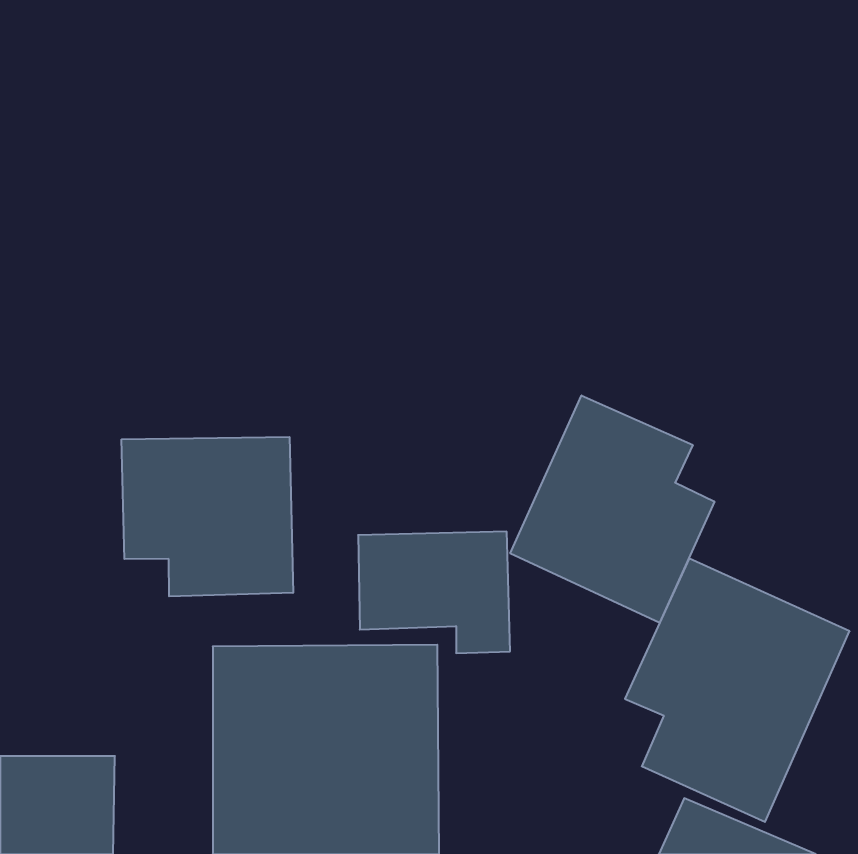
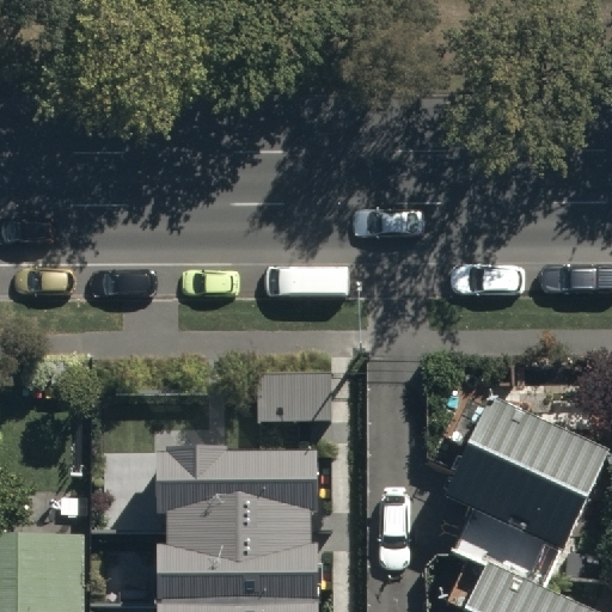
building: [510,395,714,623] -> none
building: [122,437,293,596] -> none

